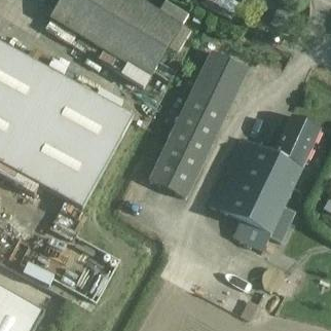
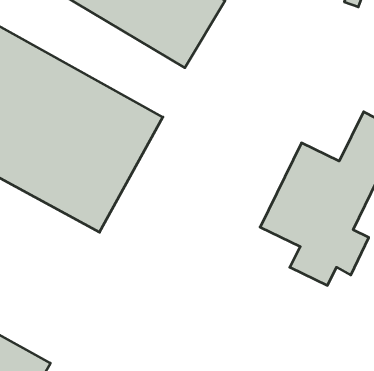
building: [148,49,248,196] -> none

